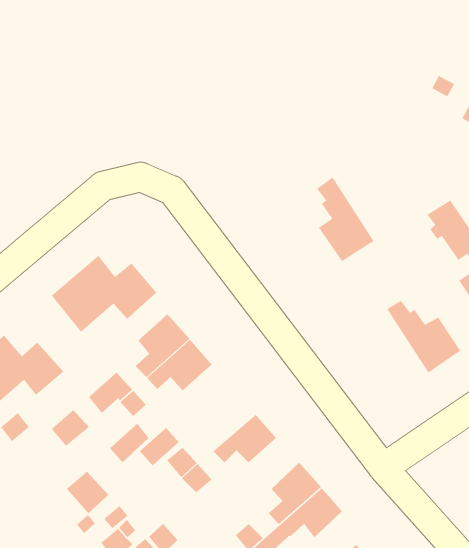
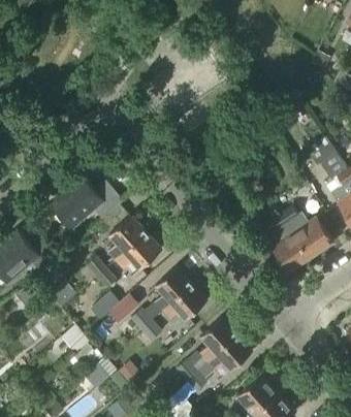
building: [316,177,375,262] -> [269,214,310,272]
building: none -> [154,268,191,312]

